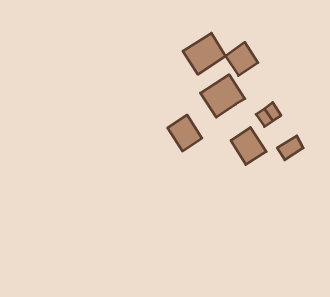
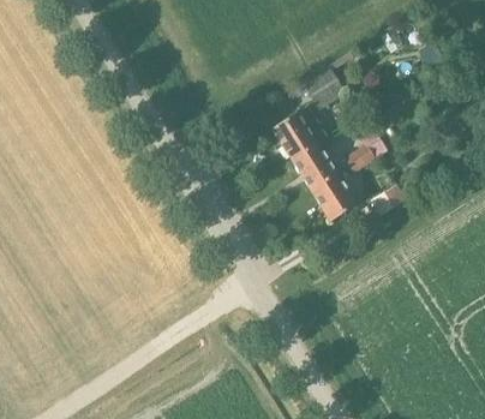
building: [183,33,225,74] -> none
building: [168,115,202,151] -> [293,143,337,190]

